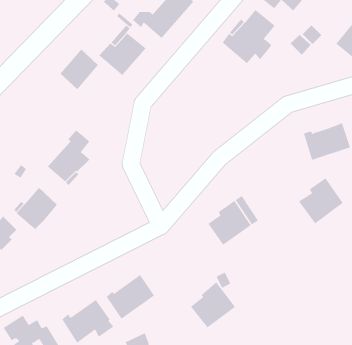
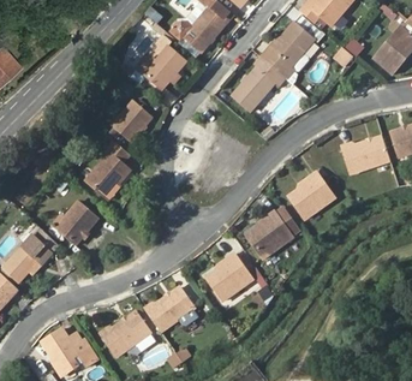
building: none -> [233,54,289,108]
building: [59,48,99,90] -> [111,101,150,143]
building: [298,178,344,224] -> [288,173,334,220]
building: [190,282,236,328] -> [205,255,251,302]

